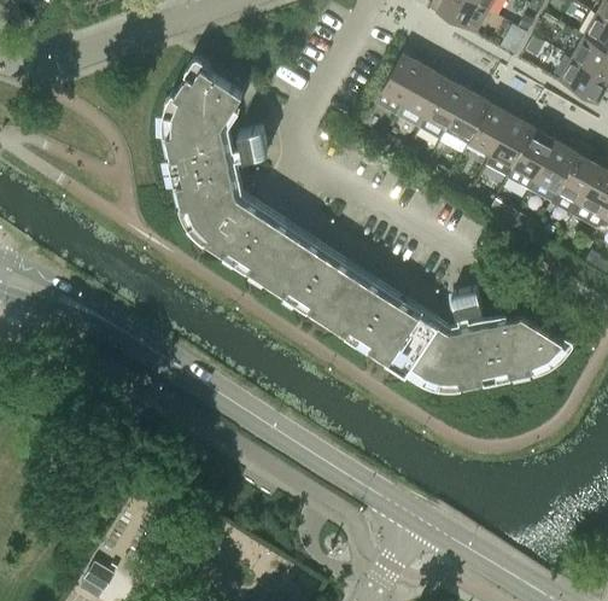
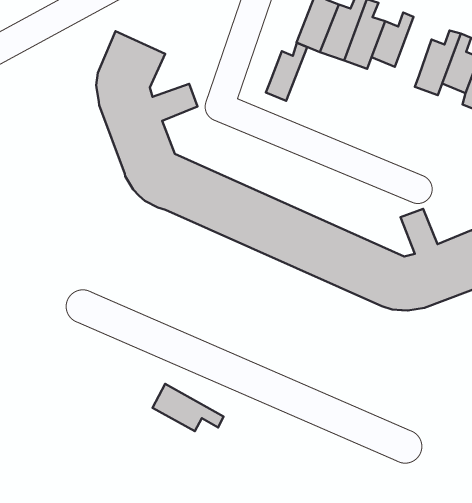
building: [468,97,509,156] -> none
building: none -> [266,43,307,101]
building: none -> [153,384,224,431]

